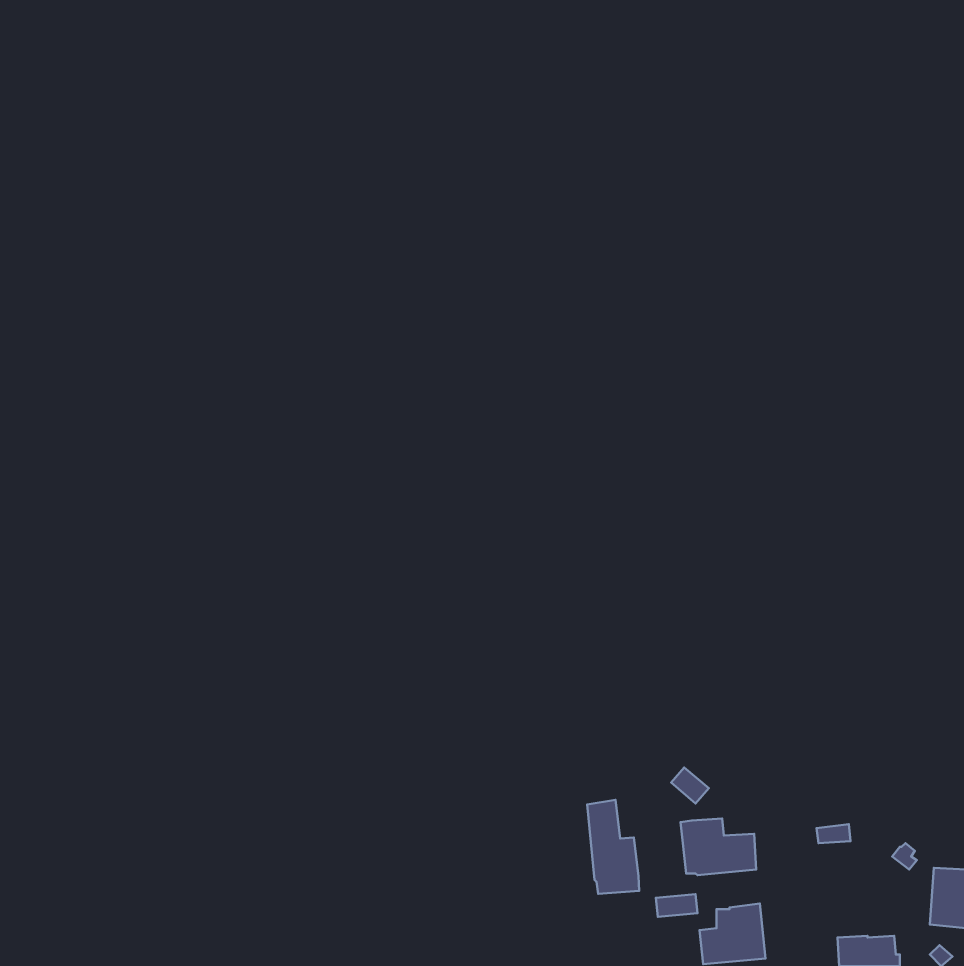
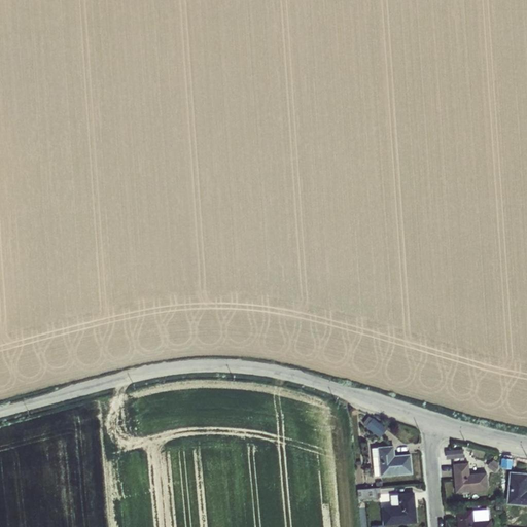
building: [587,800,639,894] -> none
building: none -> [453,462,488,493]

